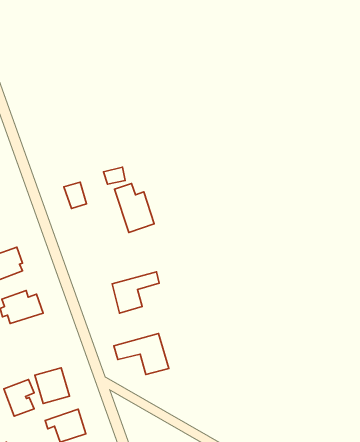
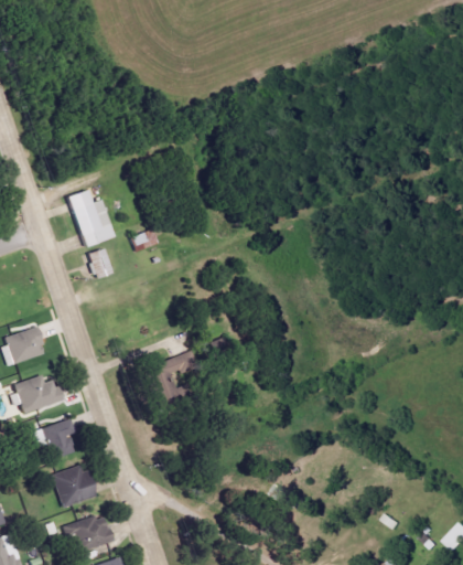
building: [115,183,154,232] -> [68,190,115,247]
building: [114,334,169,375] -> none
building: [4,380,34,416] -> [37,416,73,459]

